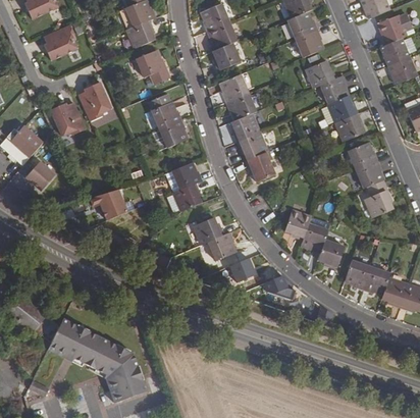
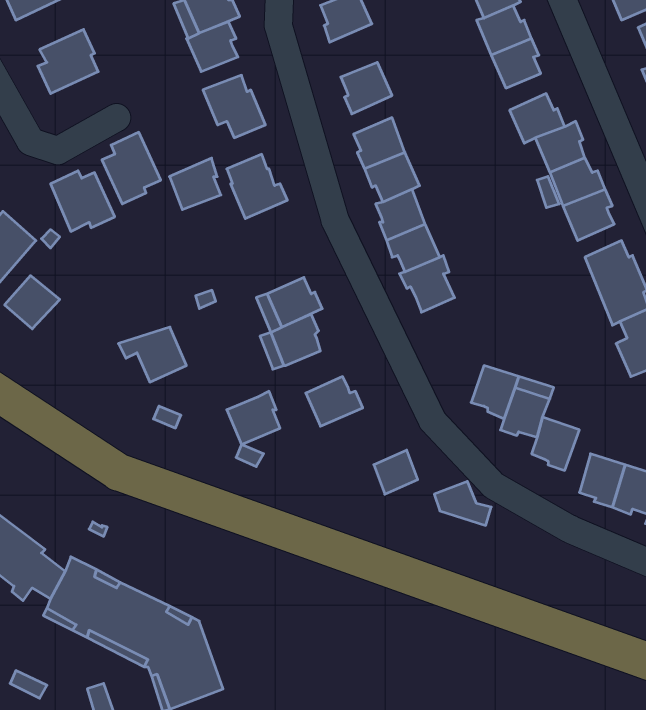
building: [206,21,238,49] -> none
building: [159,119,188,148] -> [169,158,221,210]
building: [207,231,237,261] -> [227,391,280,445]

